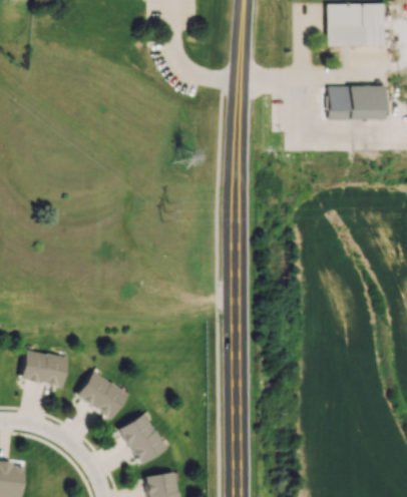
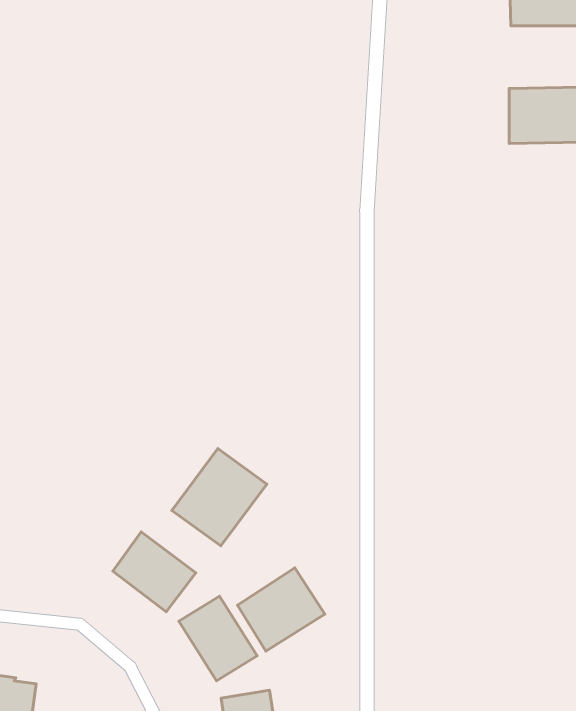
building: none -> [172,448,267,546]
building: [20,347,69,389] -> none
building: none -> [238,568,325,651]

